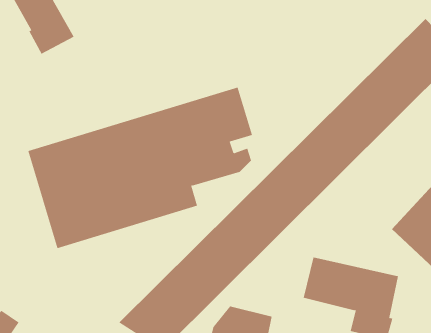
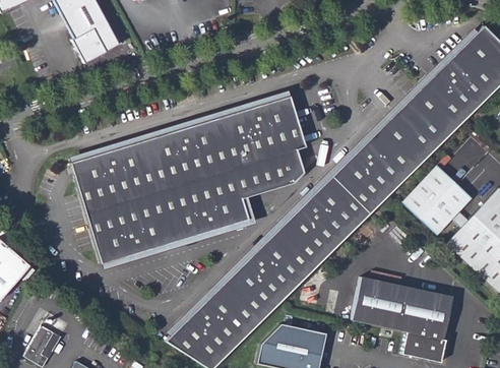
building: none -> [402,167,470,233]

